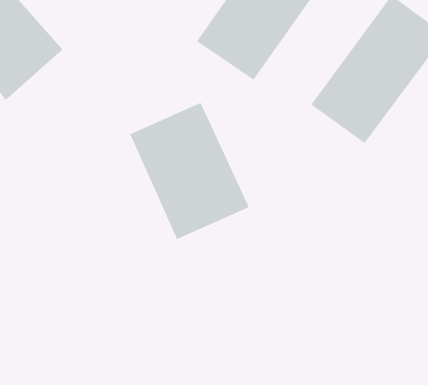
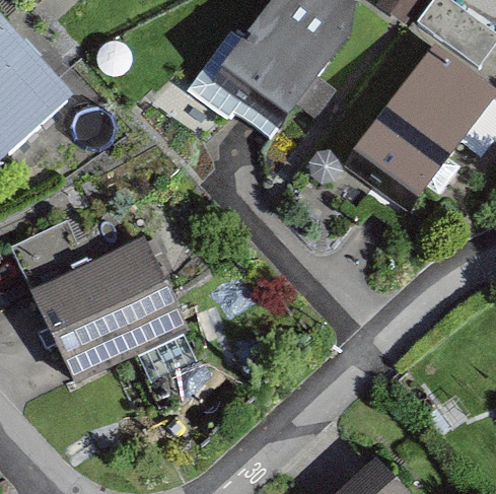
building: [130,102,249,240] -> none
building: none -> [31,237,186,380]

